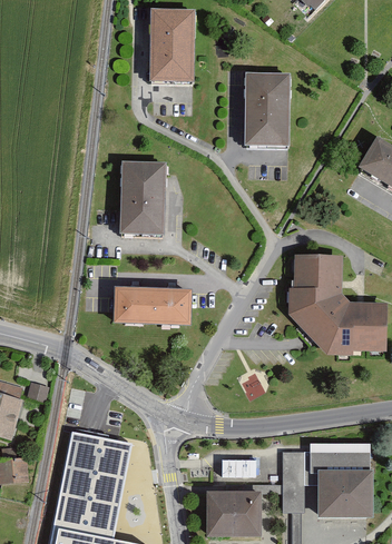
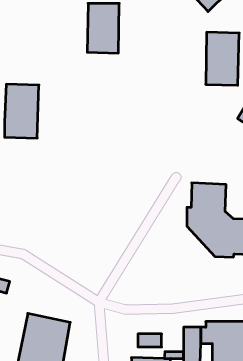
building: [244,71,290,144] -> [206,32,239,85]
building: [119,160,166,234] -> [5,84,39,138]
building: [112,285,190,324] -> none

